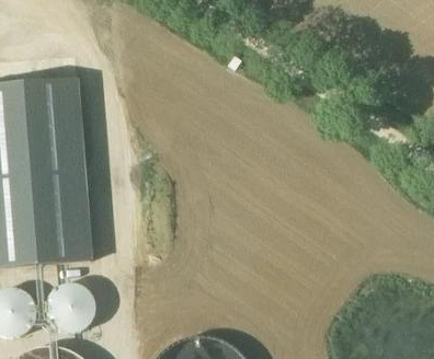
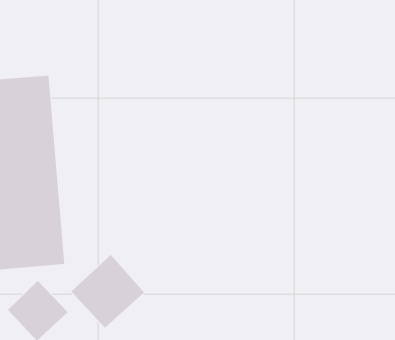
building: none -> [71,254,145,329]

